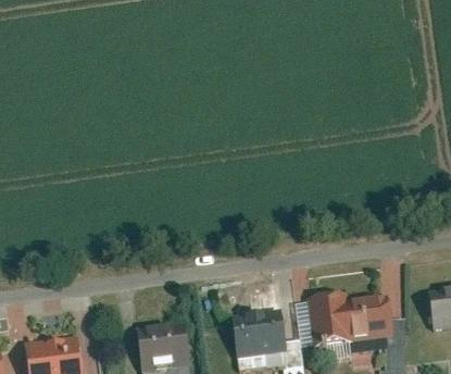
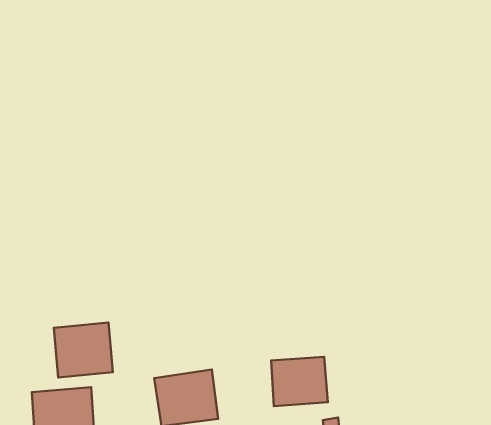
building: none -> [54,322,113,378]
building: [304,295,385,346] -> none

